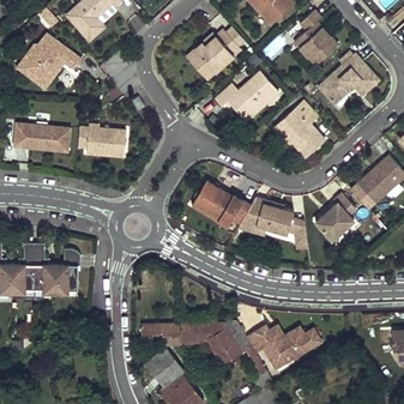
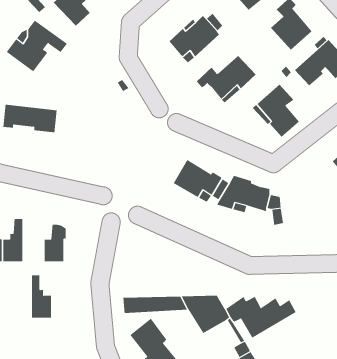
building: [77,126,125,157] -> none
building: [314,193,355,241] -> none
building: [34,243,55,289] -> [31,275,52,318]

